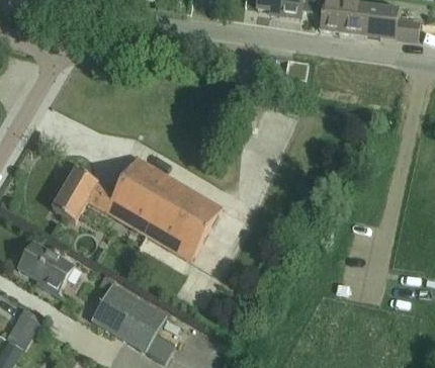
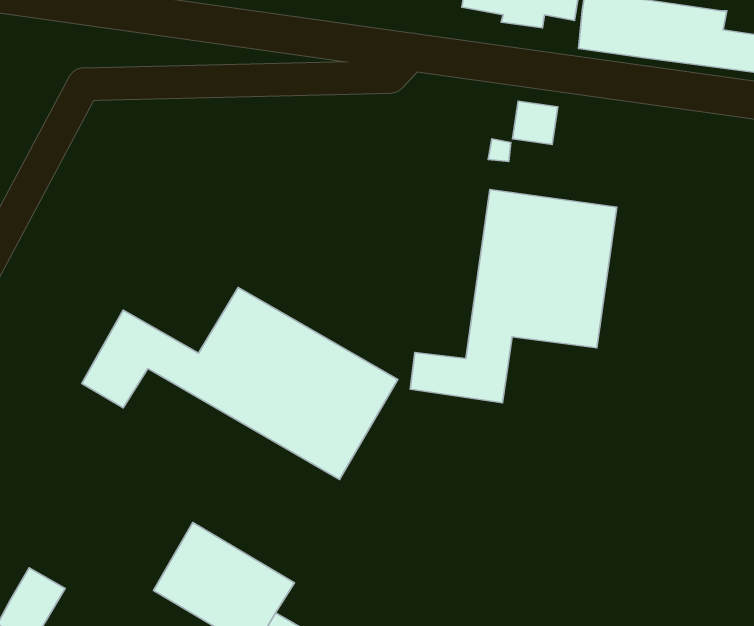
building: none -> [410,189,617,403]
building: [18,240,74,293] -> none

